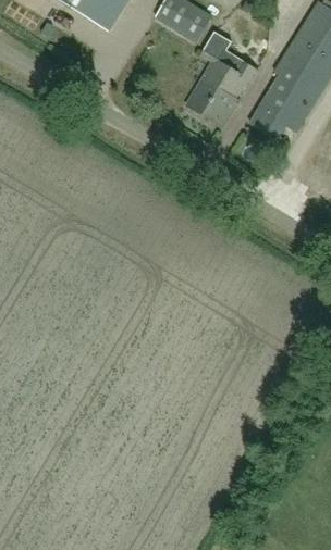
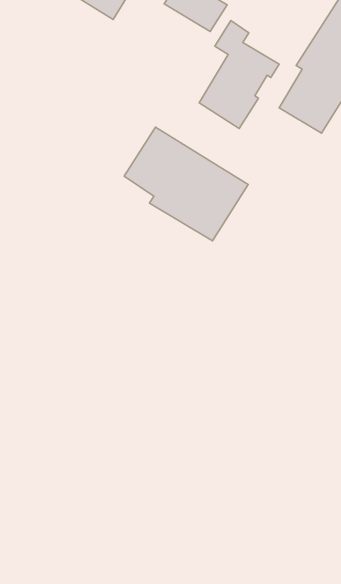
building: none -> [124,127,248,241]

